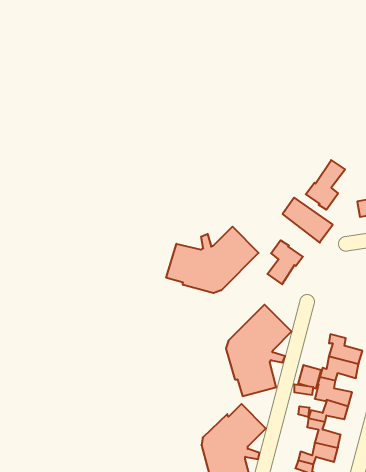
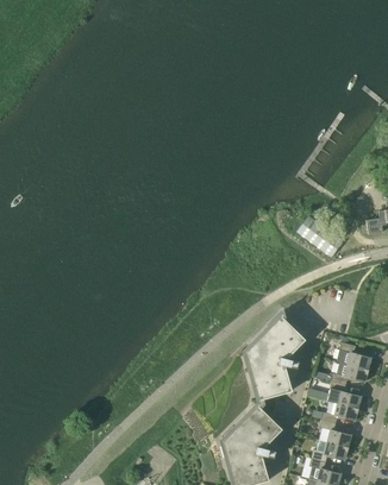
building: [306,160,345,210] -> none
building: [166,227,259,293] -> none
building: [267,240,303,284] -> none

